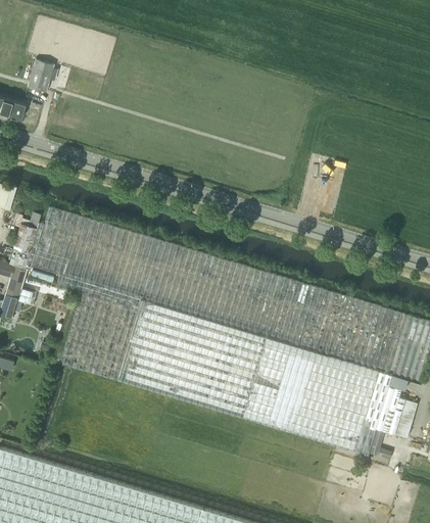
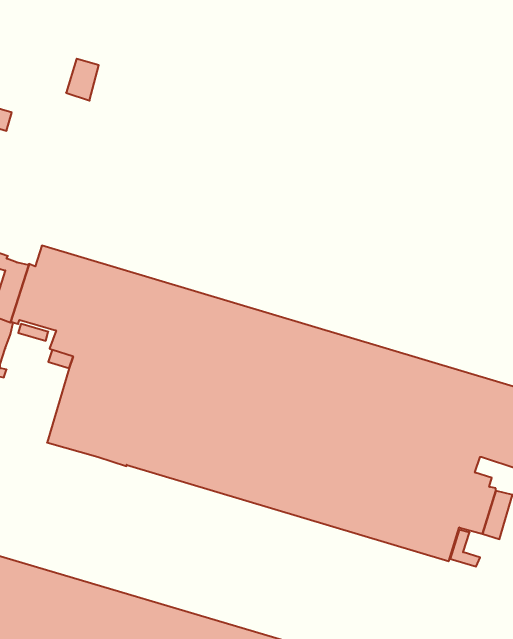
building: [29,60,54,93] -> [66,59,99,101]

